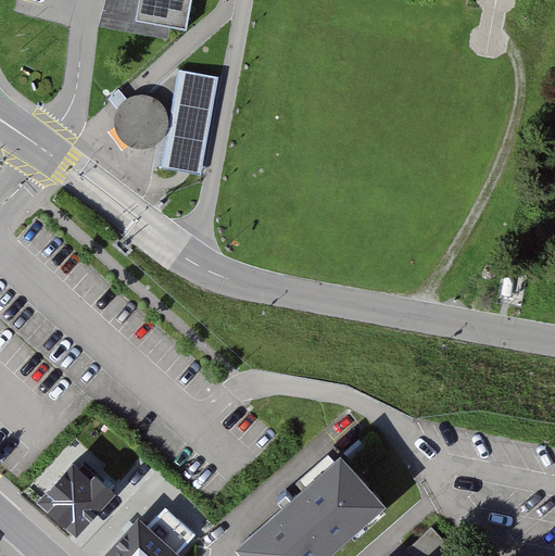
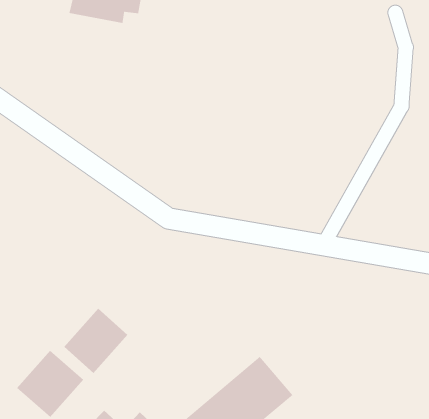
building: [114,72,219,177] -> none
building: none -> [63,308,128,374]

